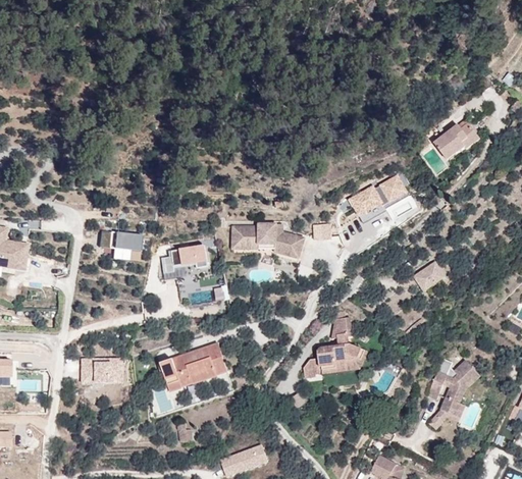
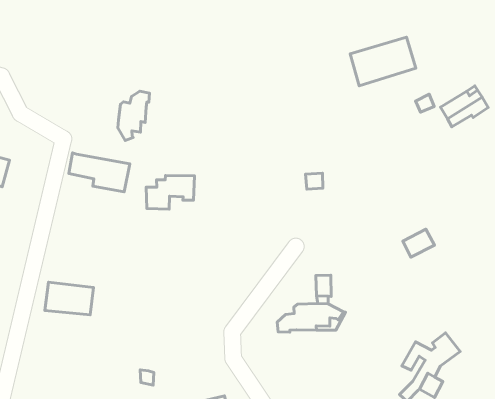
building: none -> [118,91,149,141]
building: [349,169,413,221] -> [350,37,416,86]
building: [231,224,304,260] -> none
building: [159,342,226,391] -> none

